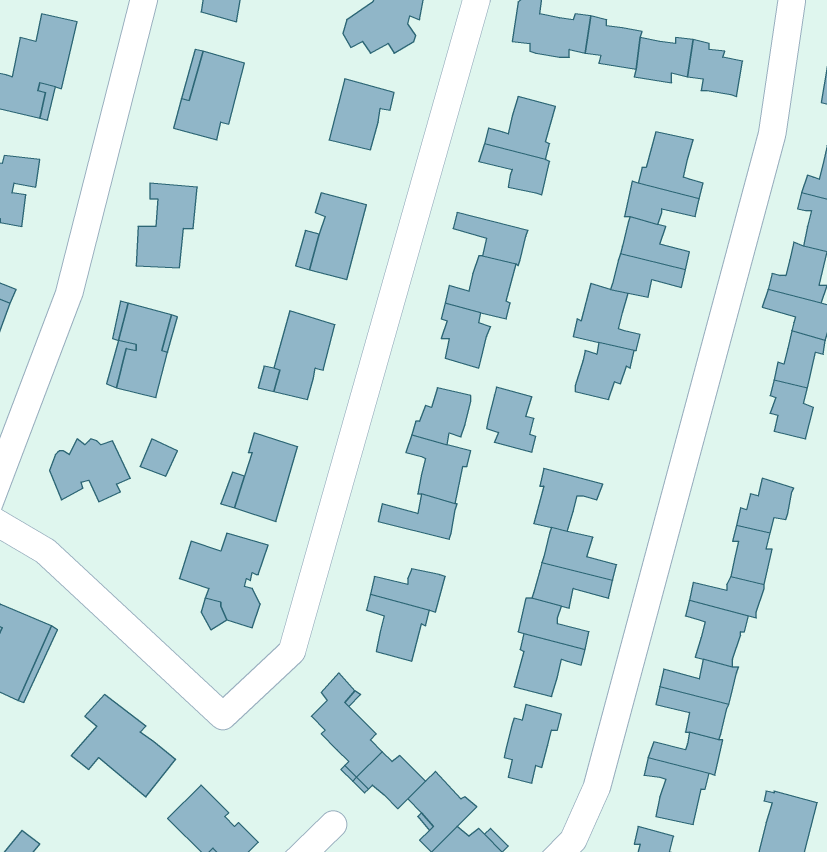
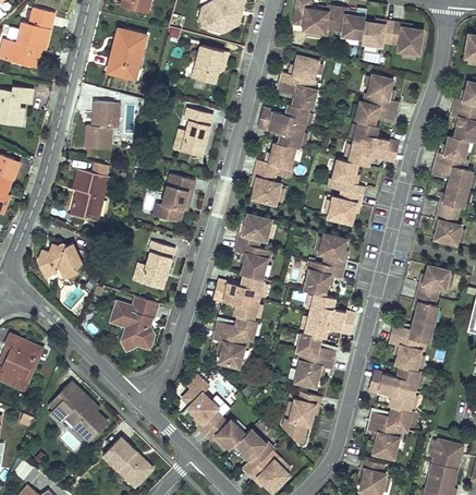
building: none -> [263,104,306,129]
building: [487,387,536,452] -> [318,233,345,269]
building: none -> [217,290,258,319]

